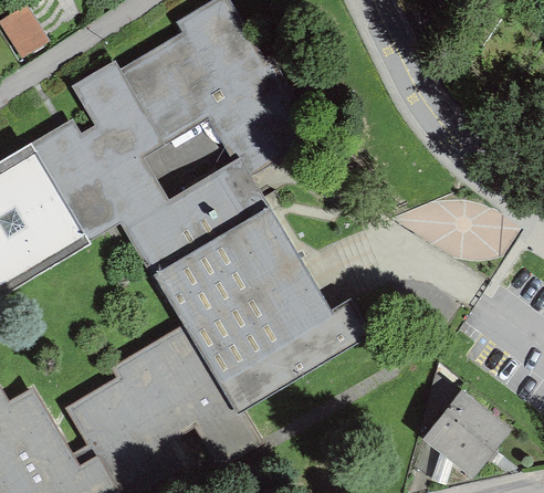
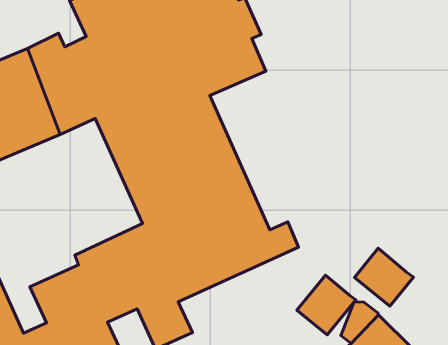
building: none -> [355,248,413,306]
building: none -> [297,275,356,335]

